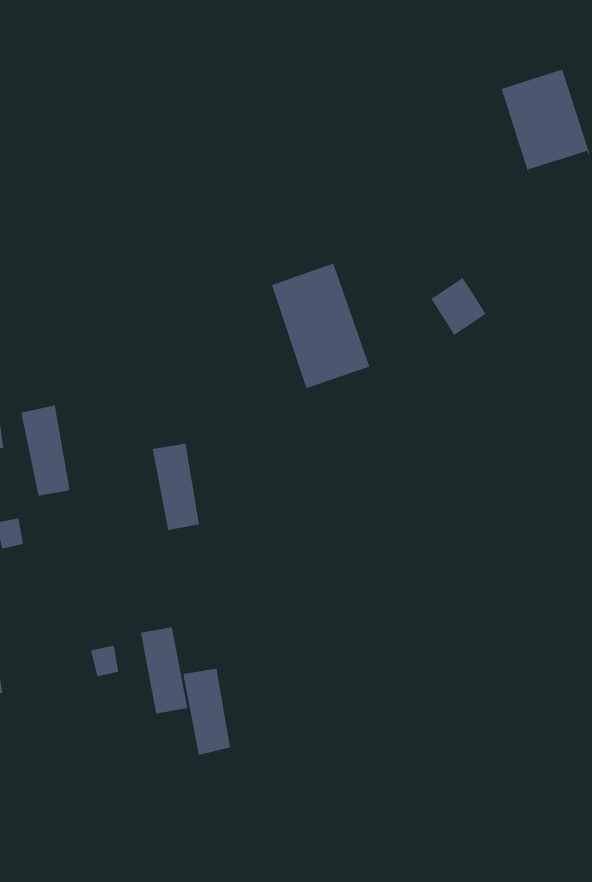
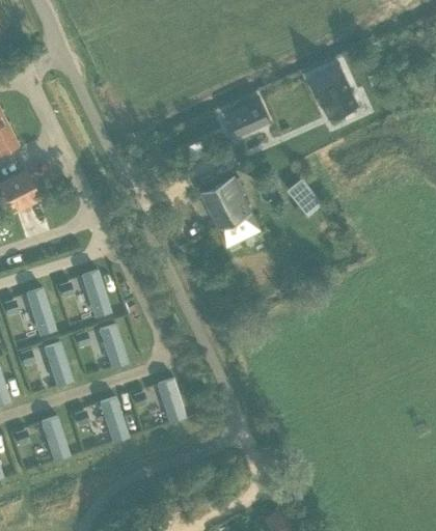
building: none -> [227,96,269,131]
building: [152,443,200,530] -> [98,324,128,370]
building: [183,668,231,755] -> [98,397,128,444]

